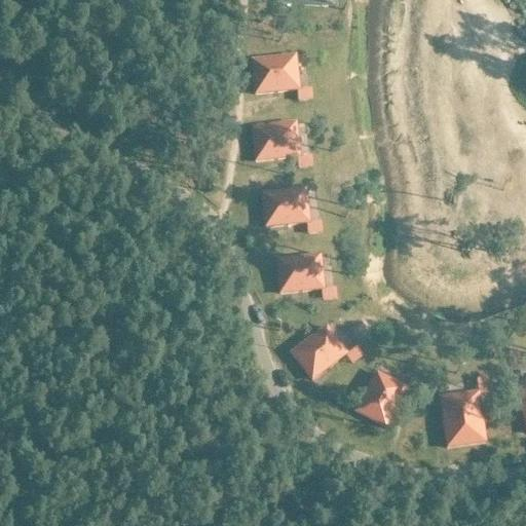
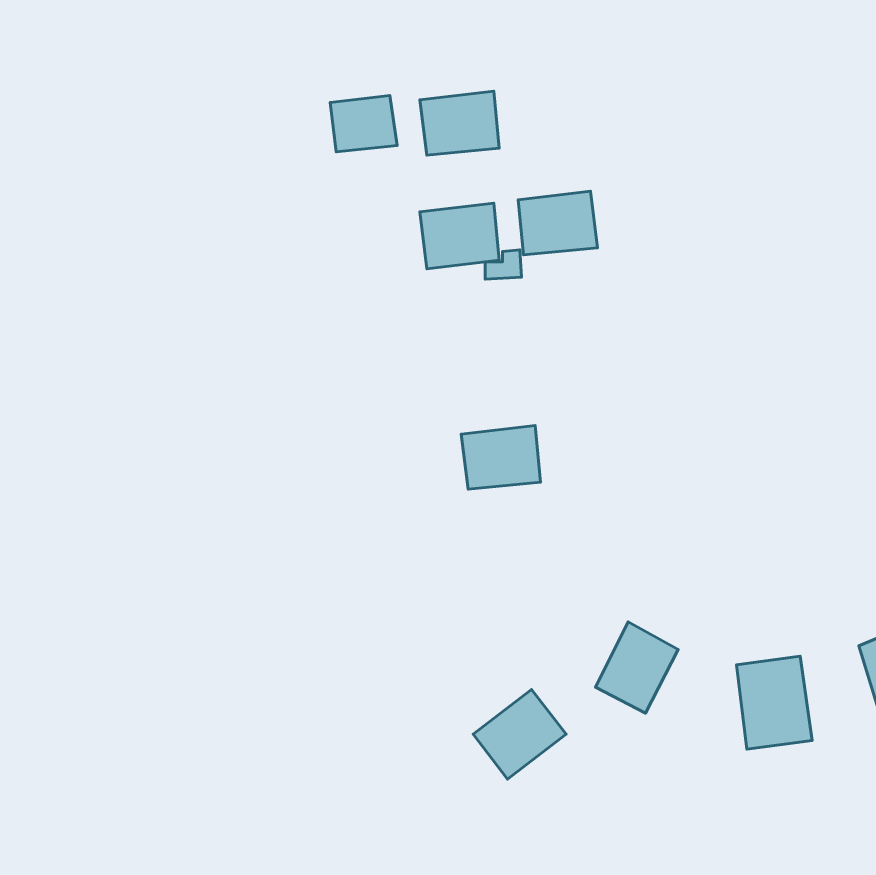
building: none -> [330,95,397,152]
building: [264,187,311,225] -> [518,191,597,255]
building: [293,326,348,379] -> [473,689,566,779]

